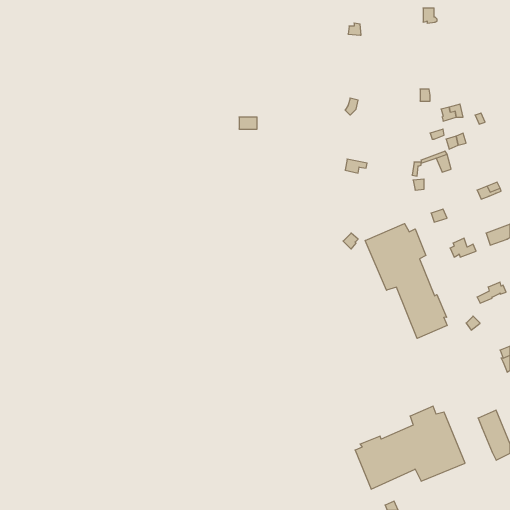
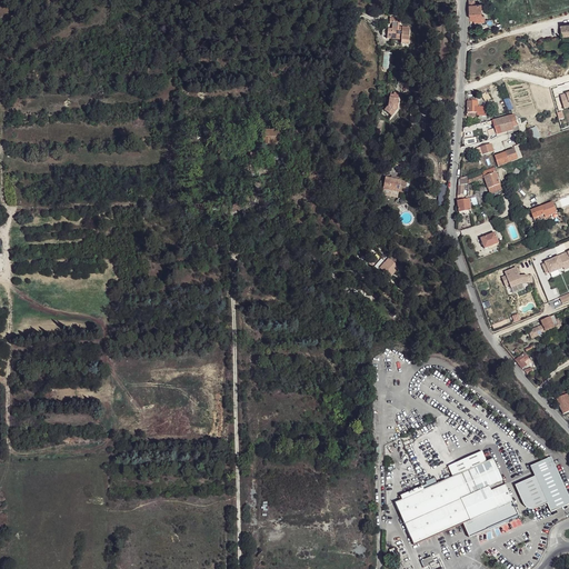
building: [365,224,447,338] -> none
building: none -> [515,476,547,507]

